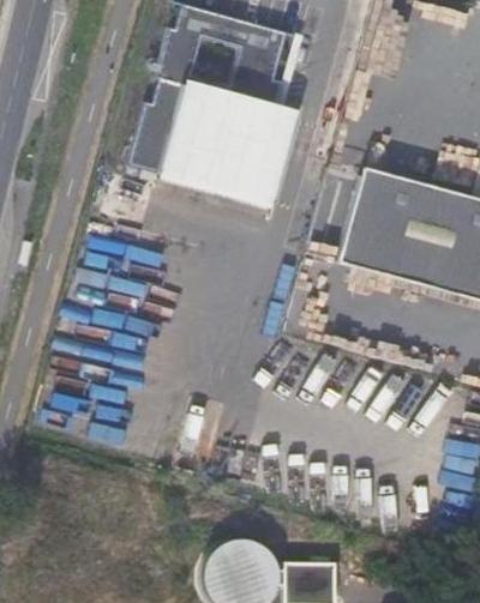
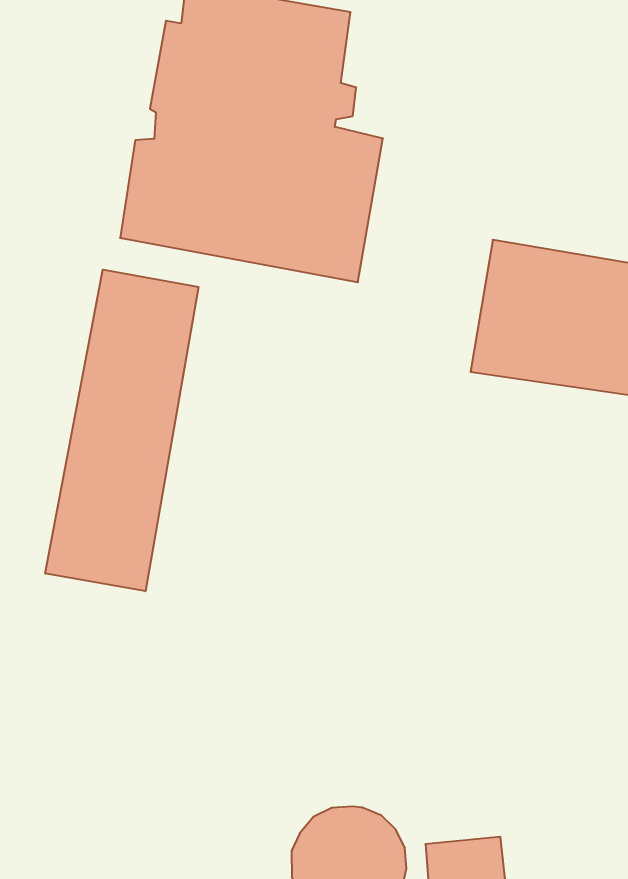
building: none -> [45,270,198,591]

